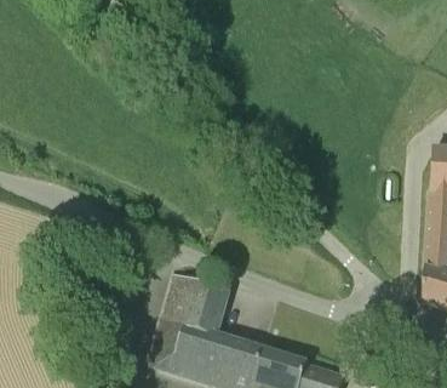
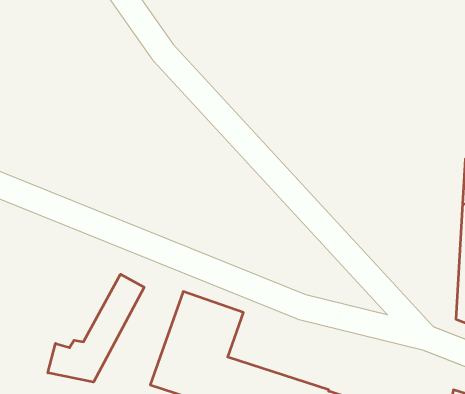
building: none -> [48,274,144,382]

